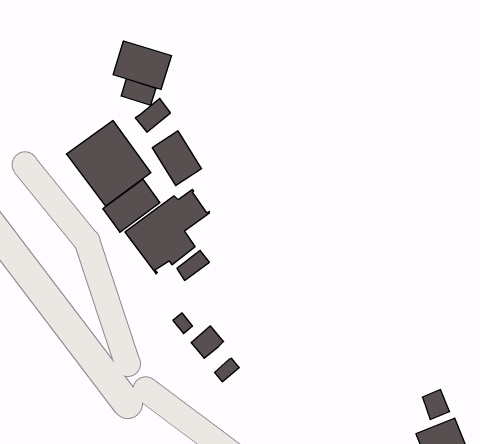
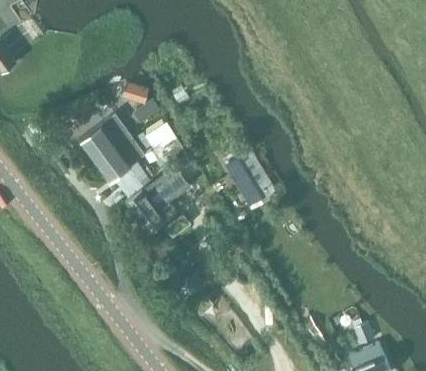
building: [113,41,171,90] -> none
building: none -> [228,149,277,207]

